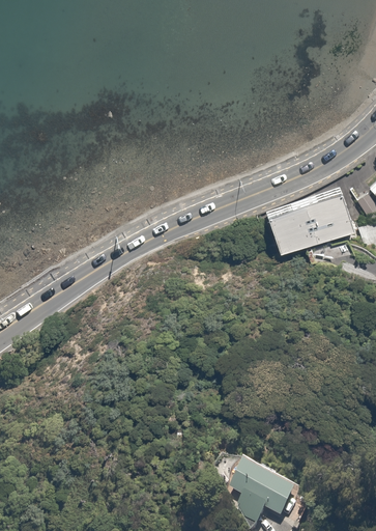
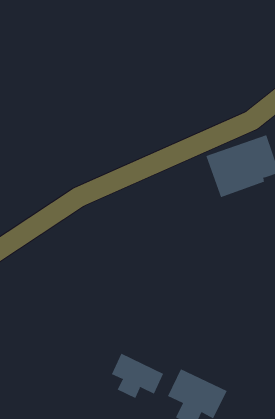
building: none -> [111,353,164,399]

